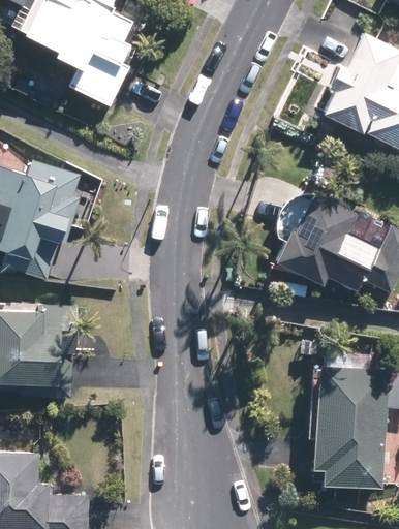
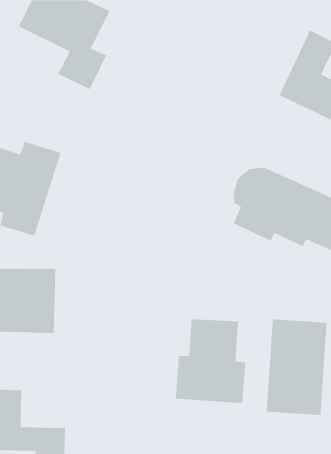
building: none -> [175,318,246,404]

